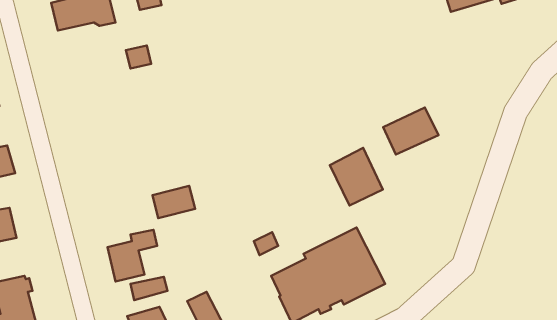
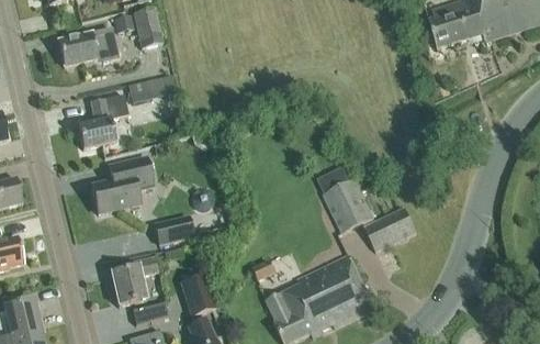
building: none -> [78,92,128,147]
building: [383,107,439,155] -> [364,206,417,251]
building: none -> [91,155,154,212]
building: none -> [179,273,217,314]

